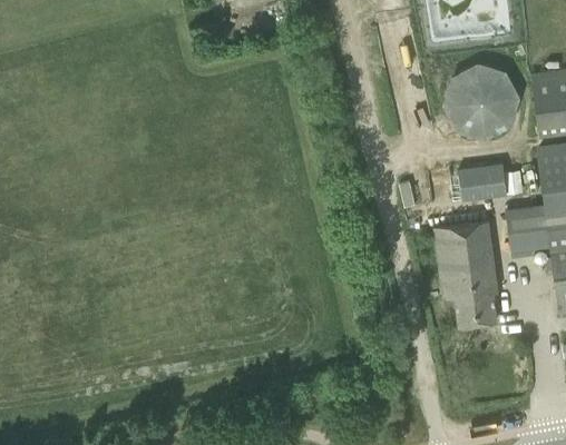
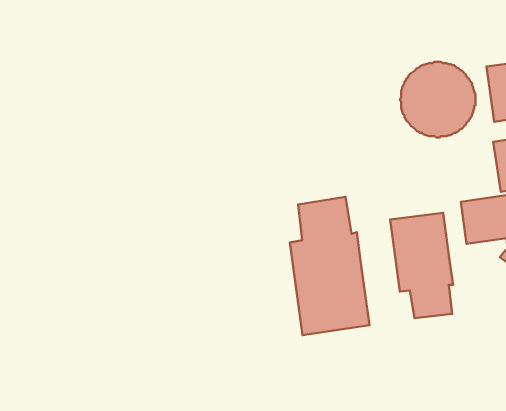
building: [458,165,507,200] -> none
building: none -> [290,197,370,335]

